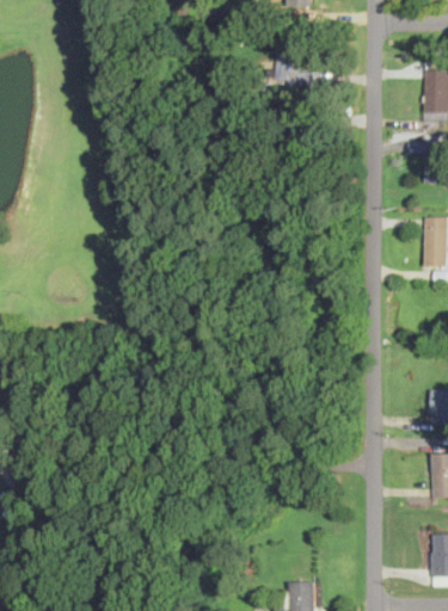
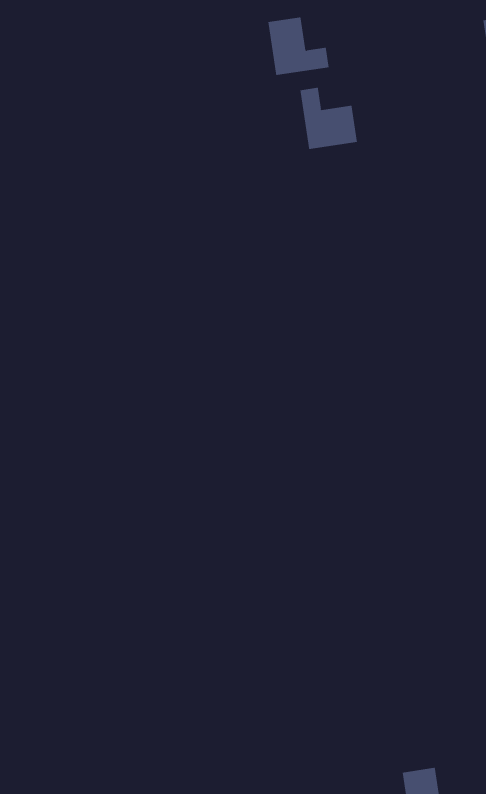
building: none -> [300,87,357,150]

